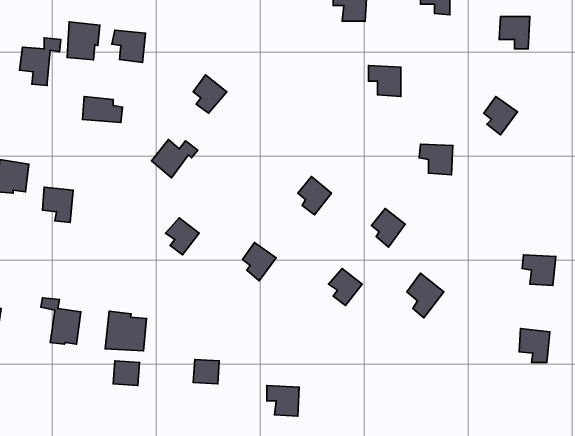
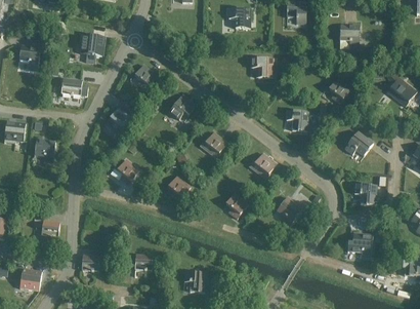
building: [67,22,100,60] -> none
building: none -> [168,93,196,119]
building: none -> [343,130,372,155]
building: [105,311,146,351] -> none
building: none -> [18,268,41,291]

